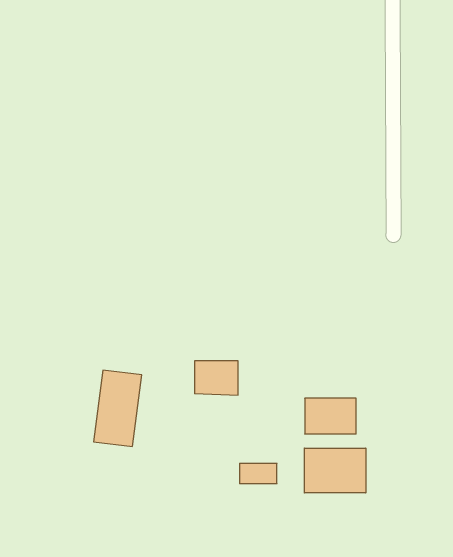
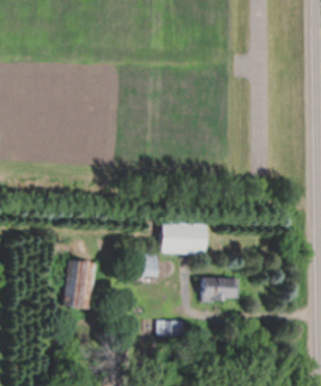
building: none -> [162,222,207,254]
building: [304,448,366,493] -> none

